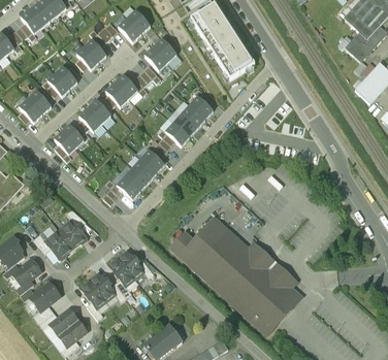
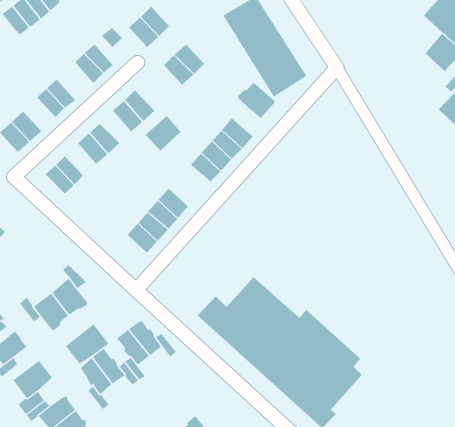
building: none -> [238,82,276,120]
building: none -> [145,115,181,151]
building: none -> [65,324,109,365]

